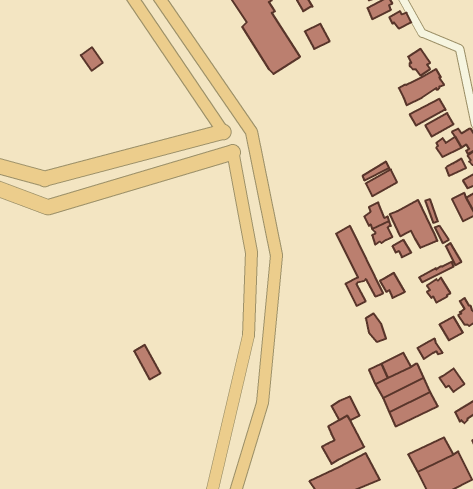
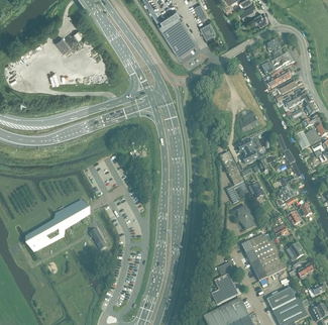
building: [390,200,437,248] -> none
building: none -> [26,201,89,252]

